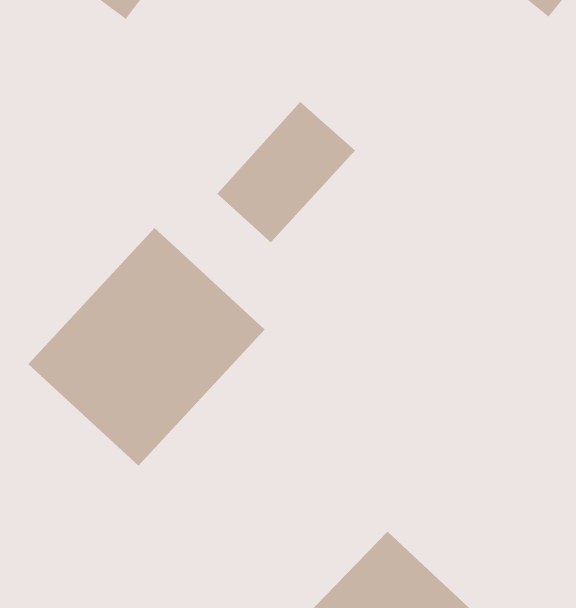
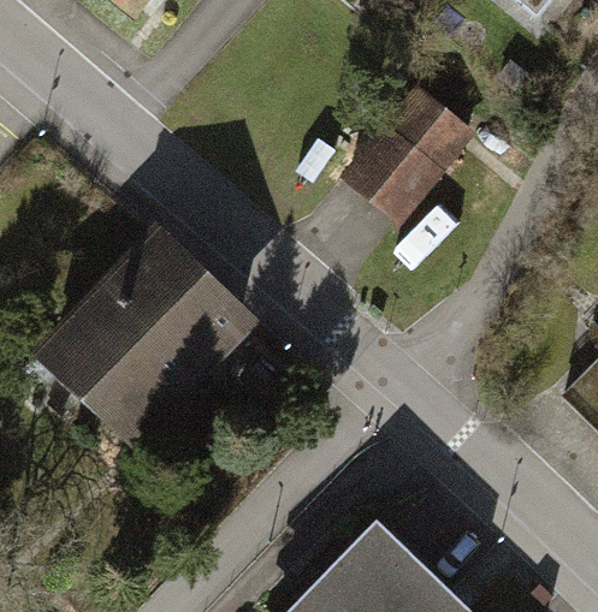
building: [216,101,356,243] -> [345,78,481,216]

